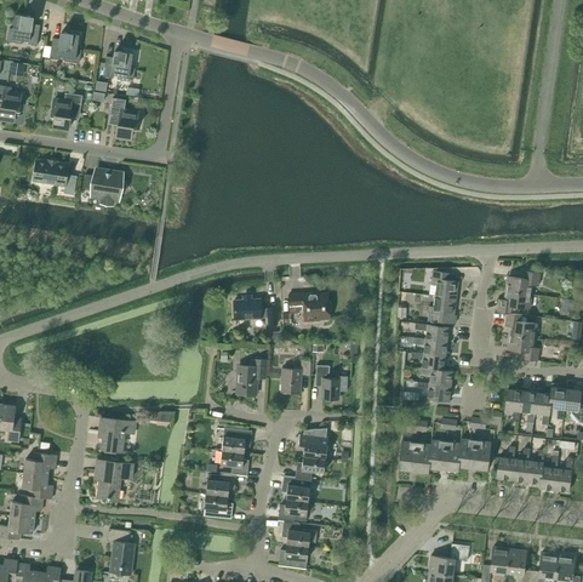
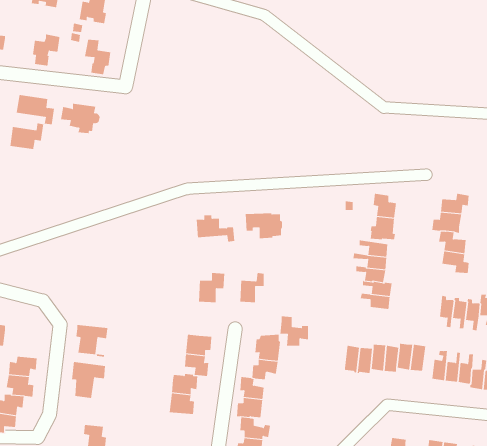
building: none -> [10,123,44,150]
building: [314,365,347,399] -> [280,316,309,346]

